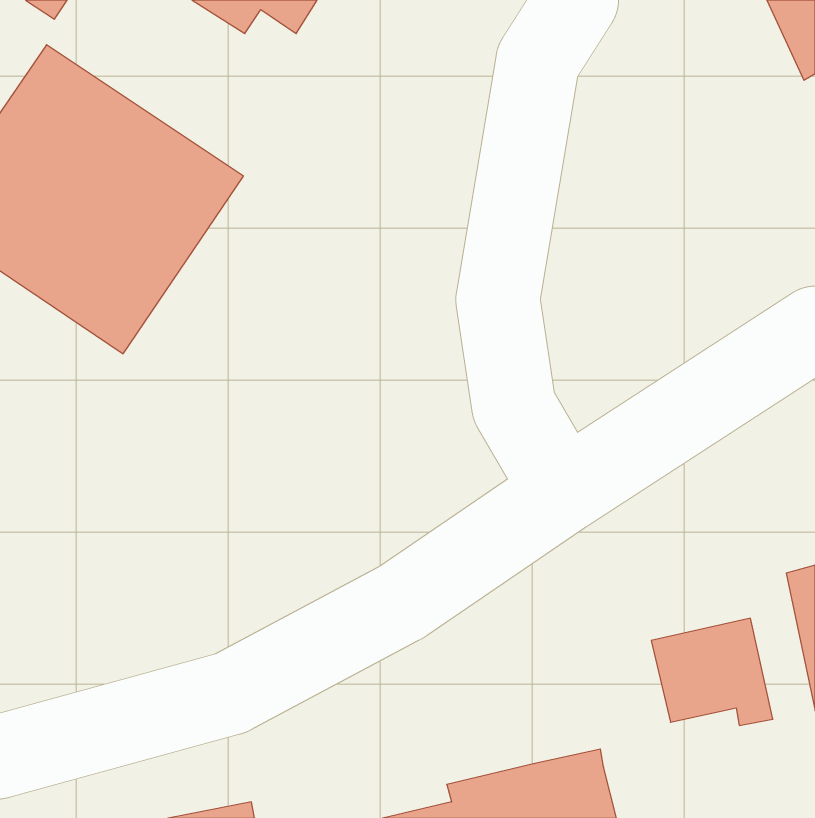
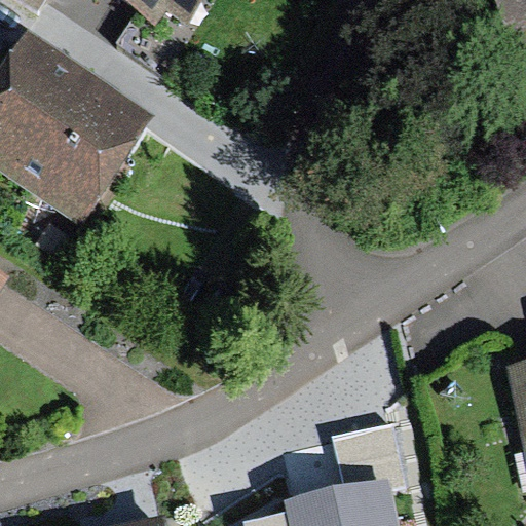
building: [651,618,773,725] -> [331,423,409,492]

